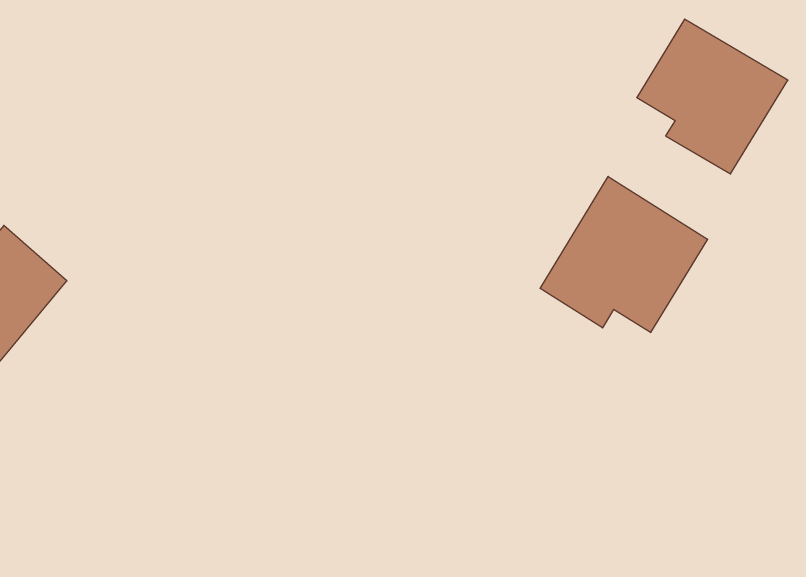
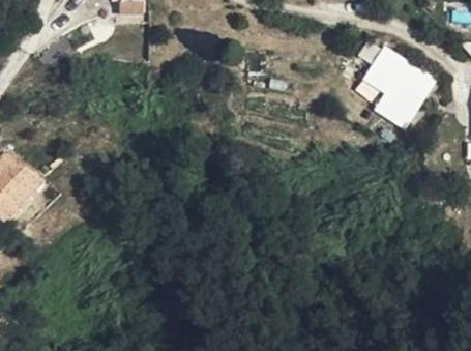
building: [540,176,708,333] -> none

